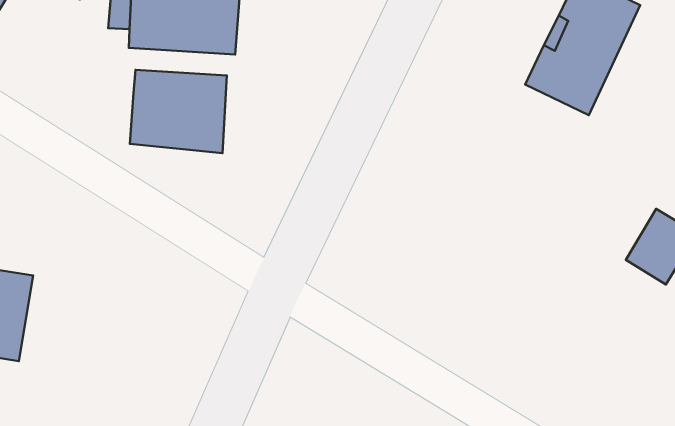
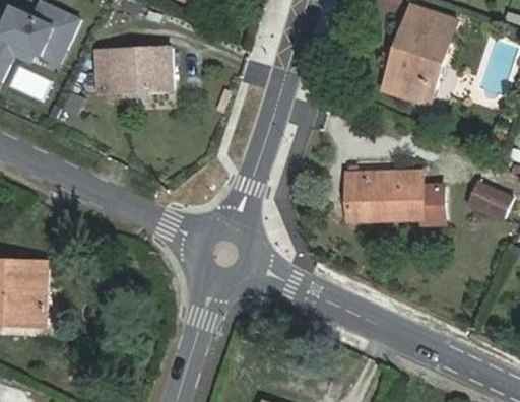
building: [130,70,227,153] -> none
building: none -> [342,169,443,222]

